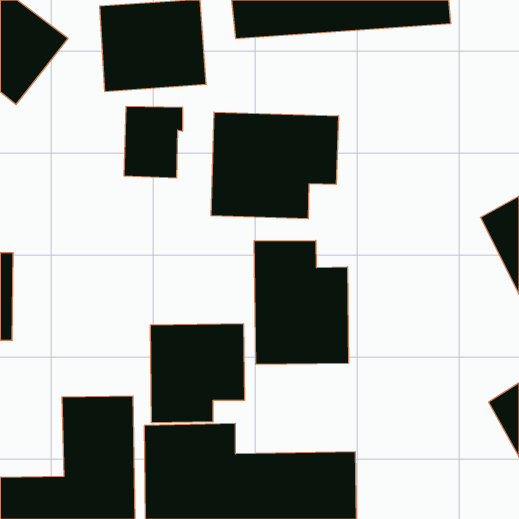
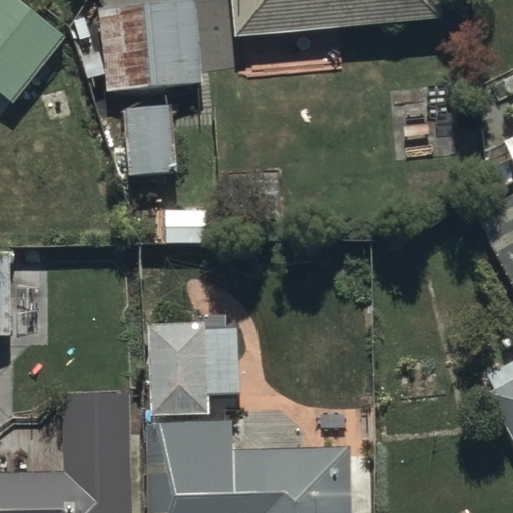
building: [211,112,339,219] -> none
building: [254,240,348,364] -> none

